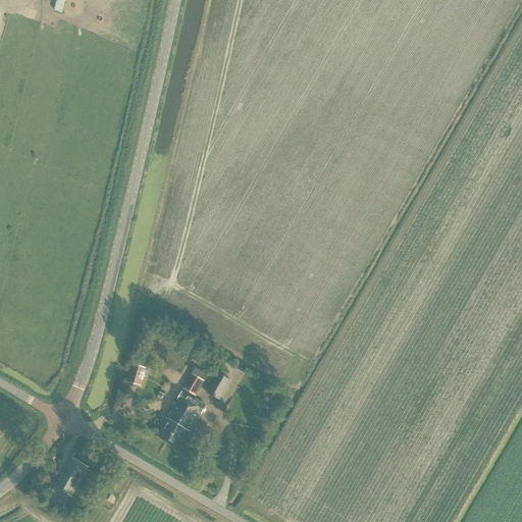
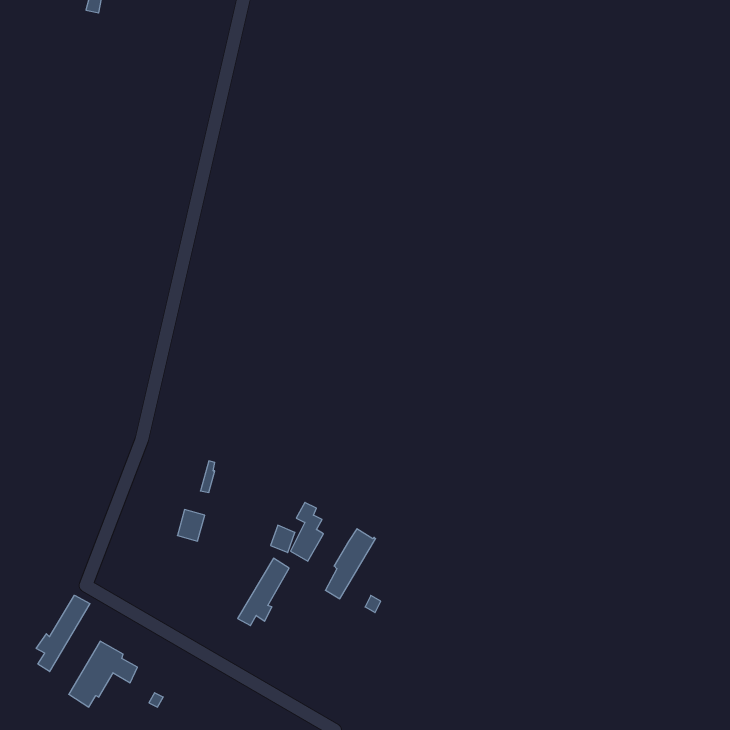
building: [159,390,195,440] -> [325,529,376,599]
building: none -> [36,595,90,672]

